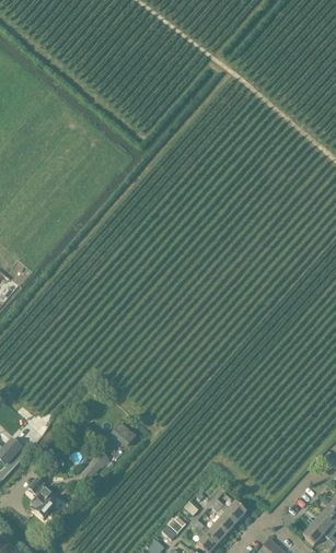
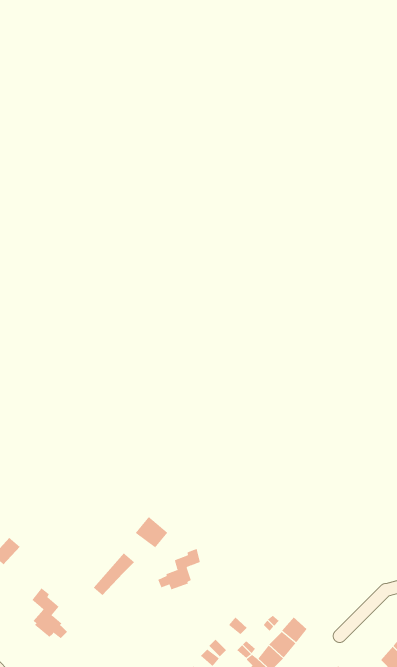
building: none -> [158,548,200,590]

